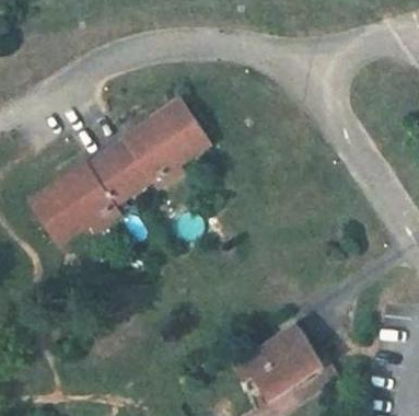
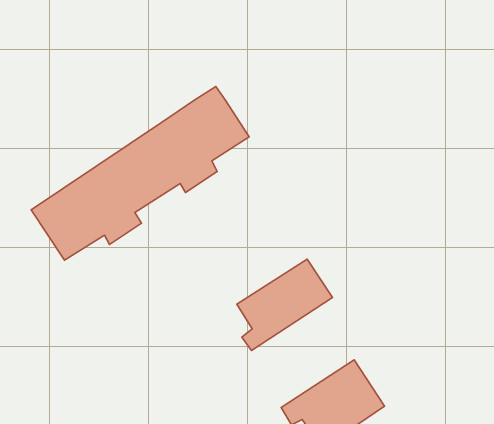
building: none -> [237,259,332,351]

